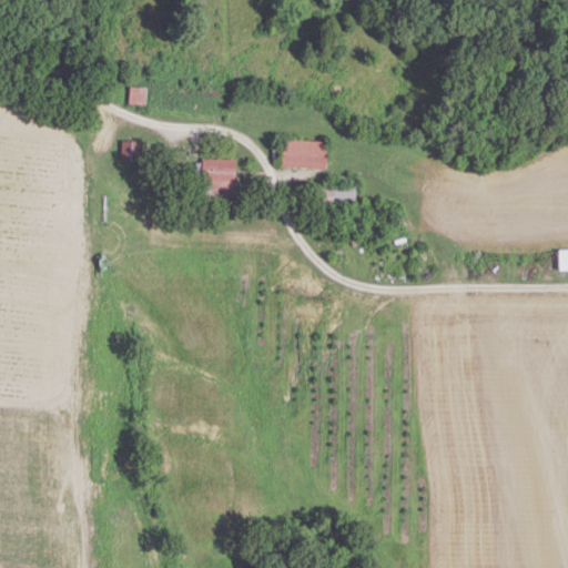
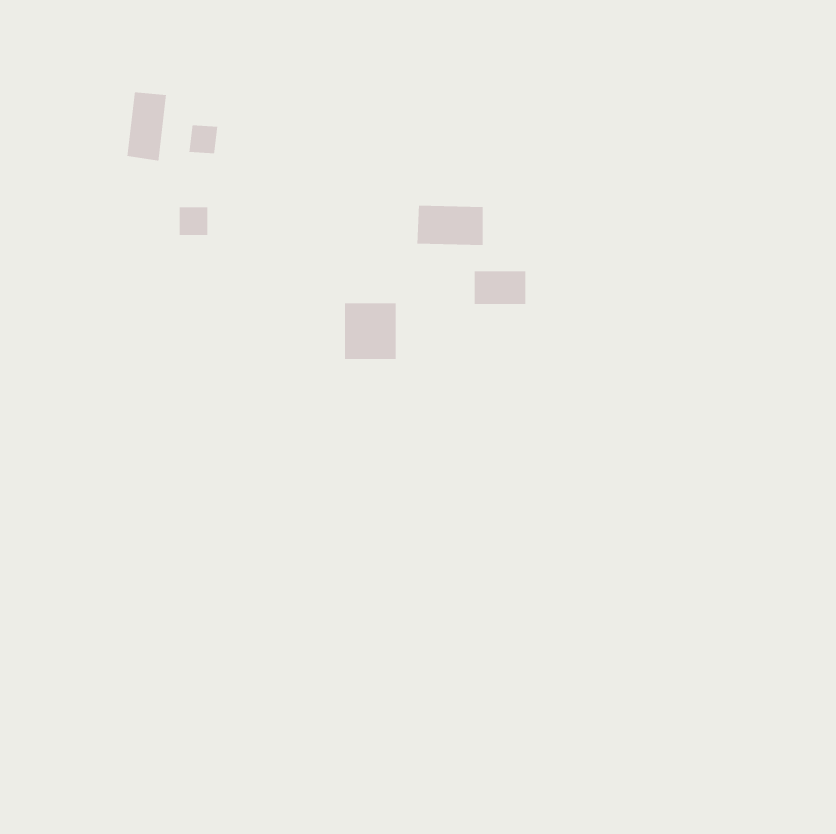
building: none -> [127,91,167,161]
building: [201,160,236,199] -> [344,303,397,360]

